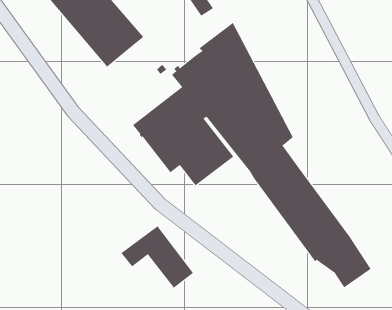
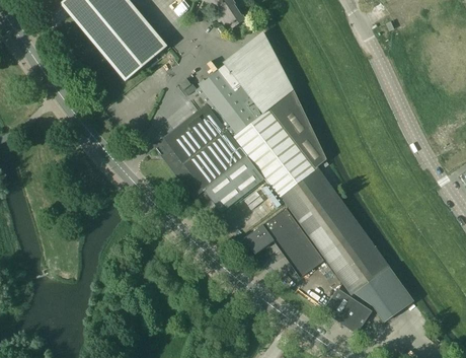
building: [121,225,194,288] -> [244,207,324,276]
building: none -> [323,287,372,333]

